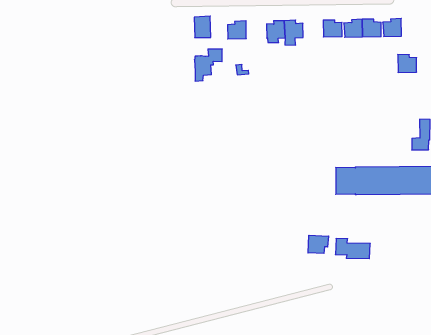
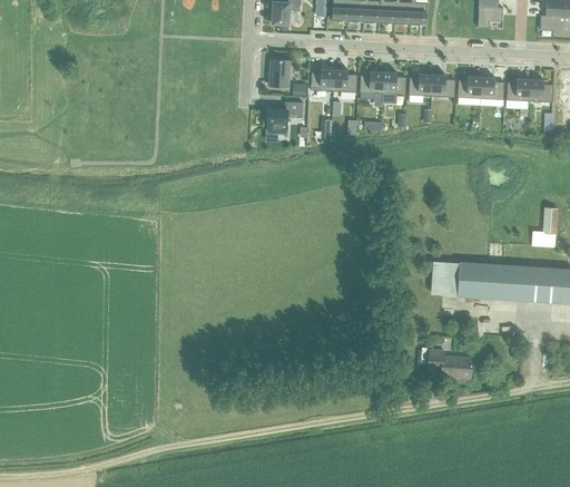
building: none -> [407,74,432,101]
building: none -> [334,69,357,92]
building: [398,55,417,72] -> [529,79,553,103]
building: [308,235,329,253] -> none

